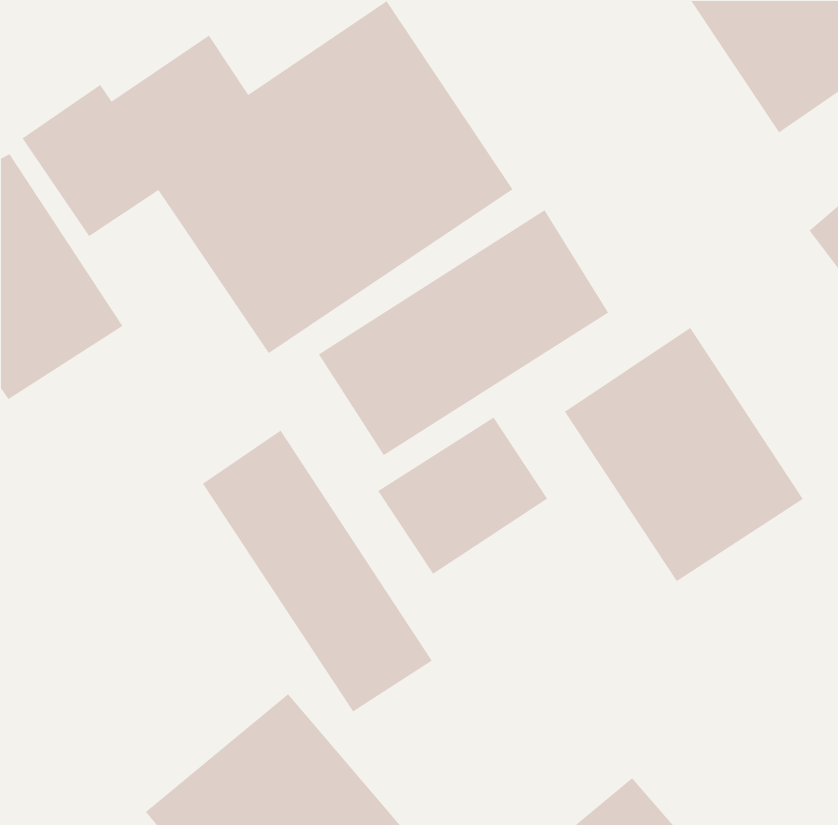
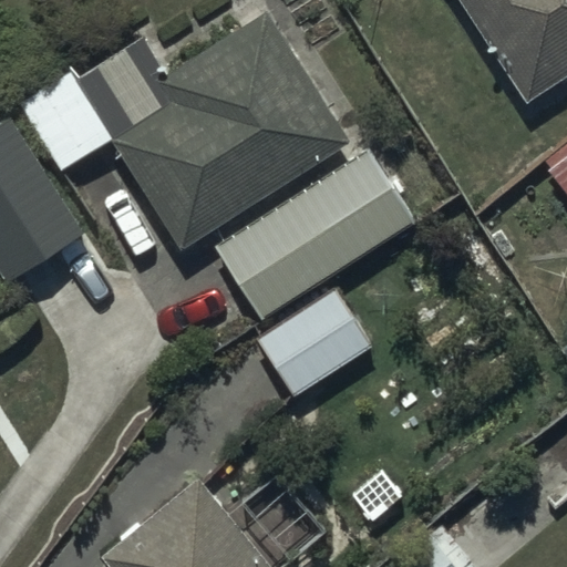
building: [564,327,804,582] -> none
building: [202,430,433,713] -> none

